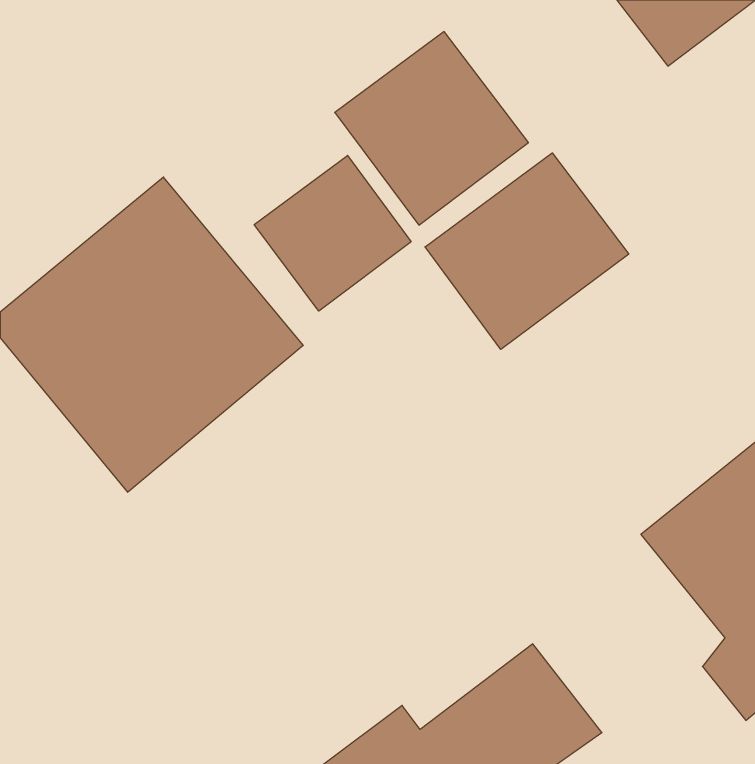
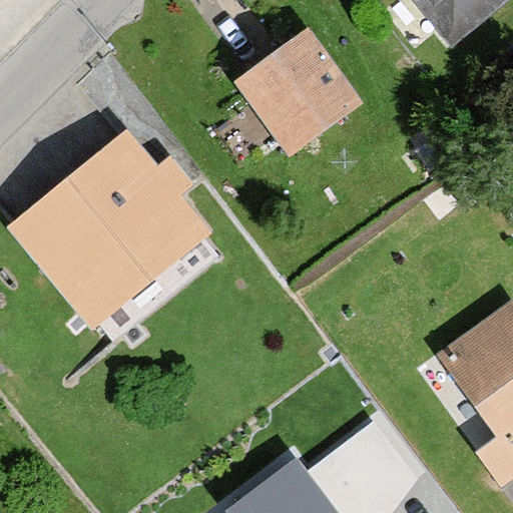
building: [425,153,629,349] -> none
building: [254,155,411,311] -> none

